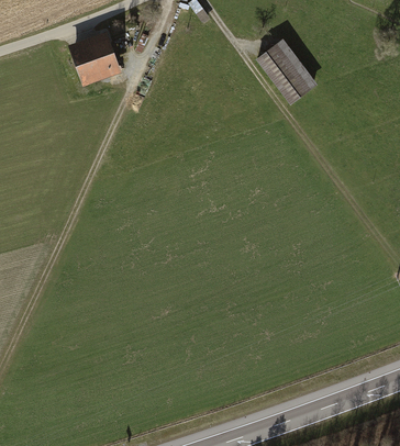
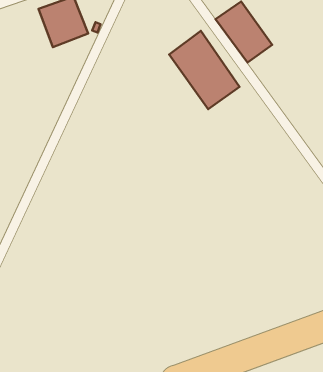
building: none -> [169,31,239,109]

